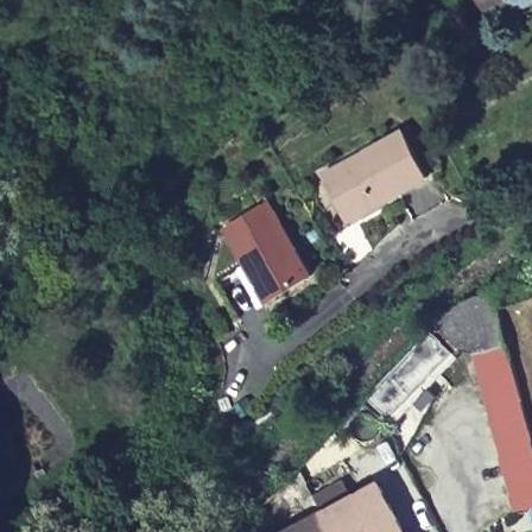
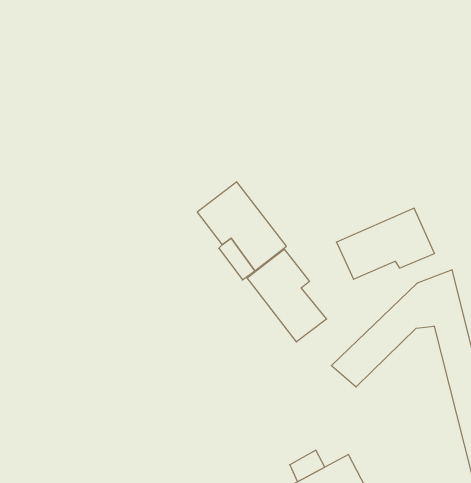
building: [323,137,426,211] -> [336,208,435,279]
building: none -> [247,249,327,342]

